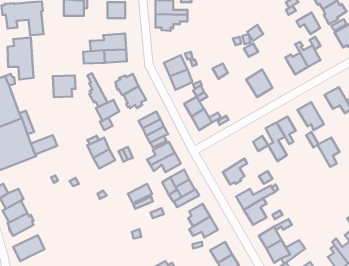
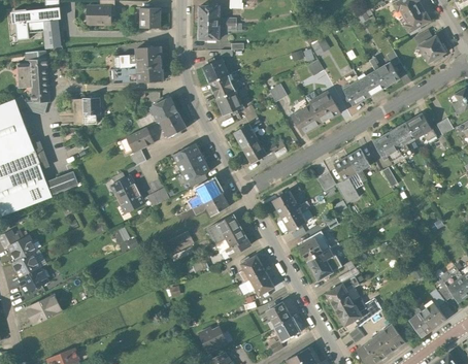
building: [296,12,320,34] -> none
building: none -> [201,57,229,81]
building: none -> [341,78,369,105]
building: [87,73,108,107] -> none
building: none -> [290,102,323,135]
building: [318,137,340,167] -> [389,121,415,157]
building: none -> [271,190,307,216]

